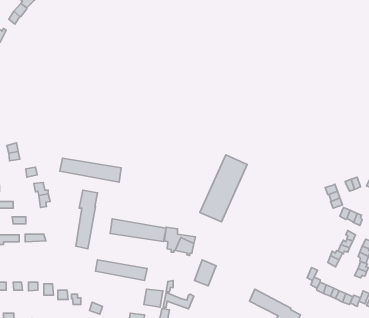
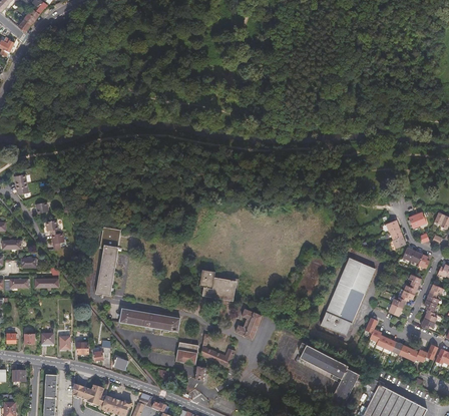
building: [200,155,247,222] -> [321,258,376,336]
building: [60,158,121,182] -> none
building: [110,219,166,241] -> none

